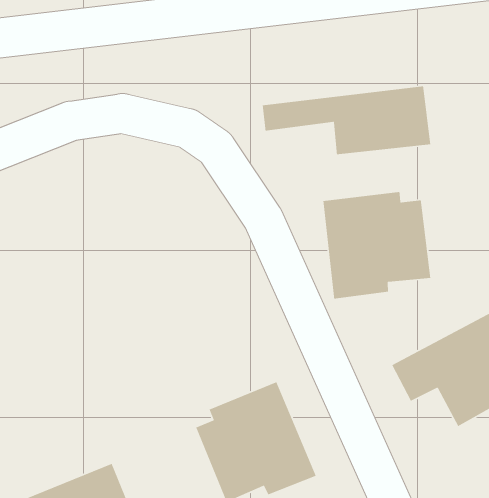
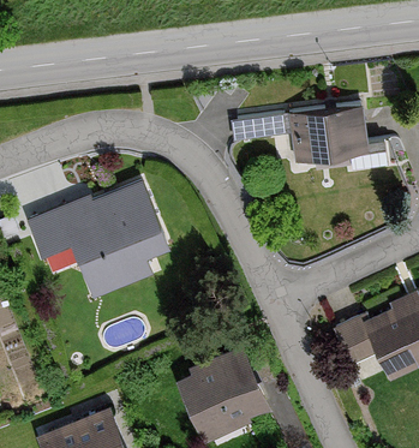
building: none -> [26,183,170,297]
building: [322,191,431,300] -> none

